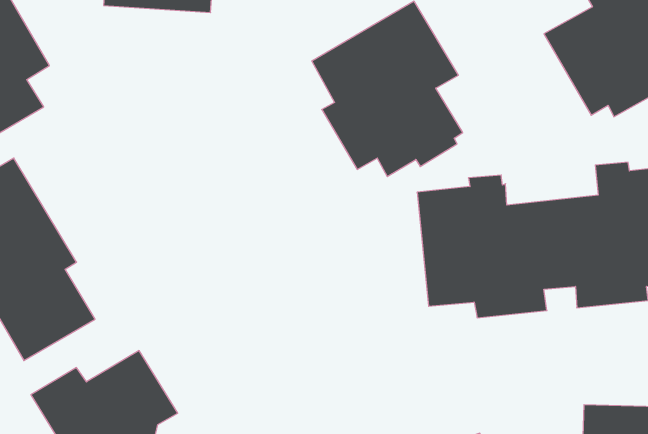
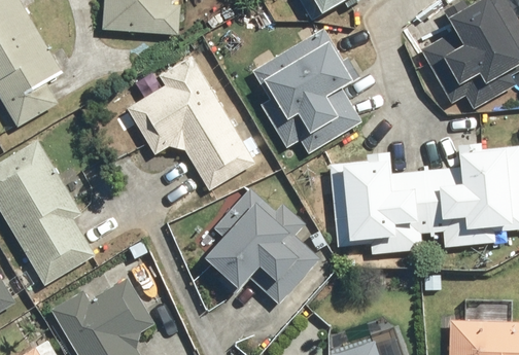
building: none -> [126,56,256,191]
building: none -> [204,187,321,305]

